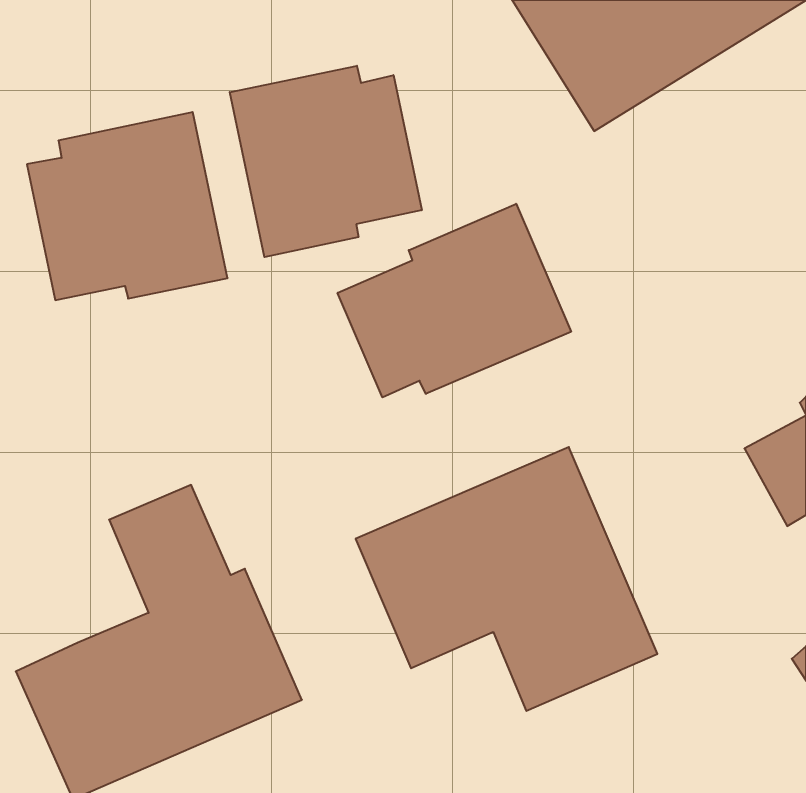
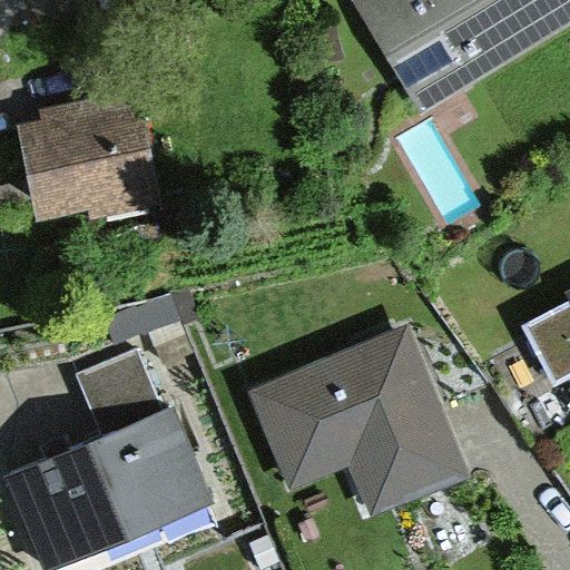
building: [230,66,422,257] -> none
building: [338,204,571,397] -> none

